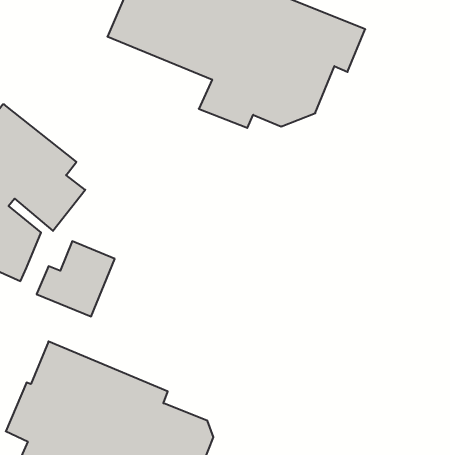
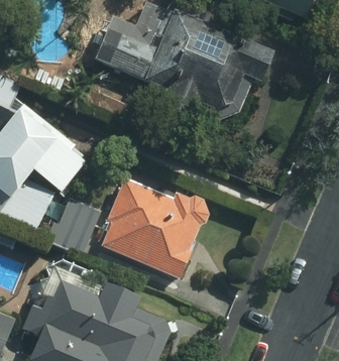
building: none -> [103,179,209,275]

